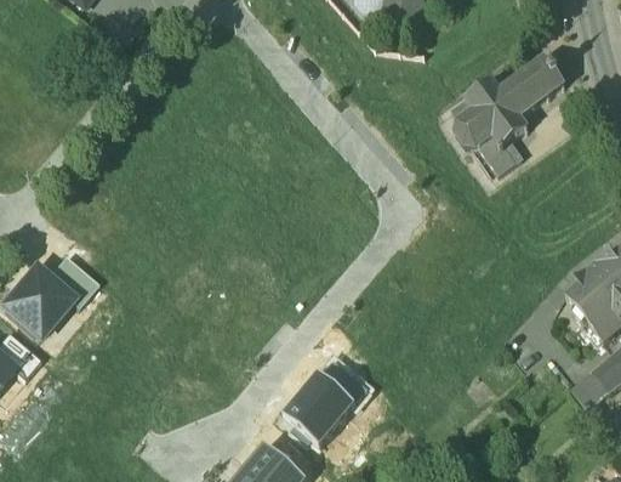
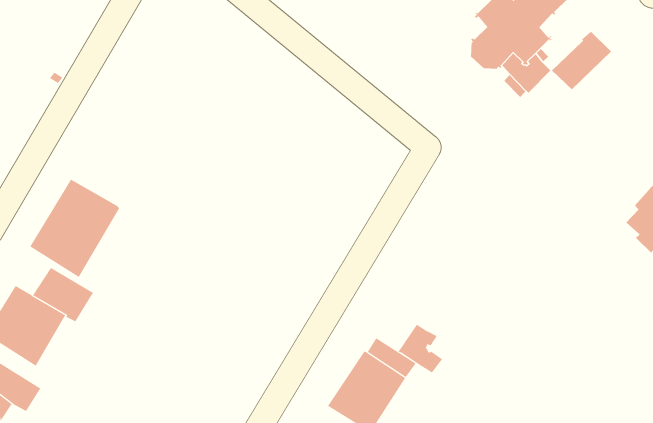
building: none -> [551,31,612,90]
building: none -> [30,179,120,278]
building: none -> [398,324,443,374]

